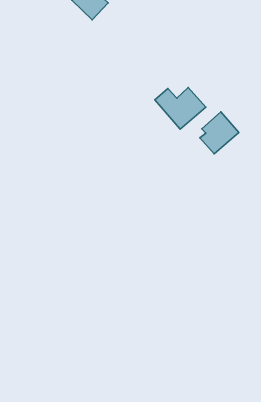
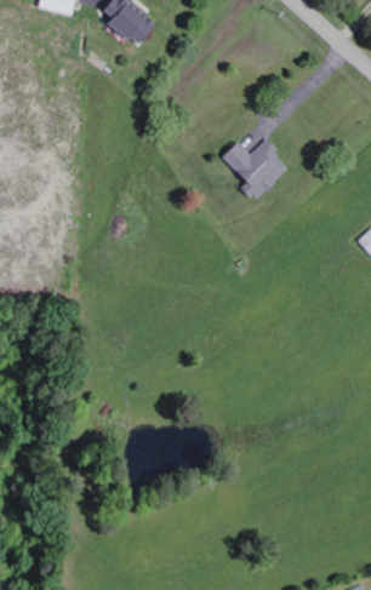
building: [200,112,239,154] -> none

